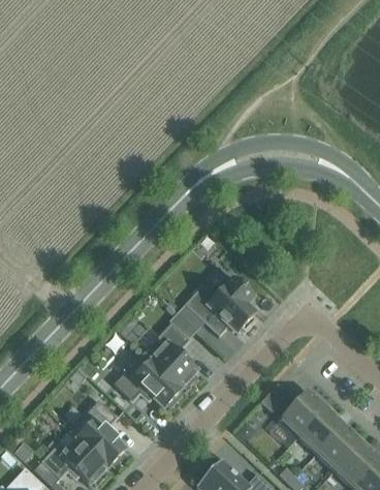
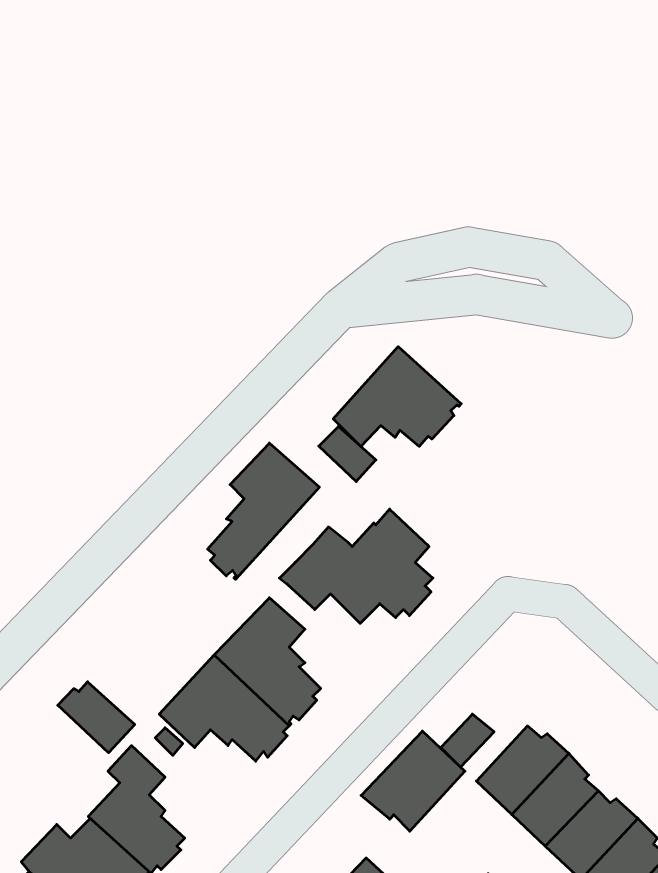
building: none -> [333,347,461,447]
building: none -> [208,443,319,579]
building: none -> [58,682,135,753]
building: none -> [361,731,465,831]

